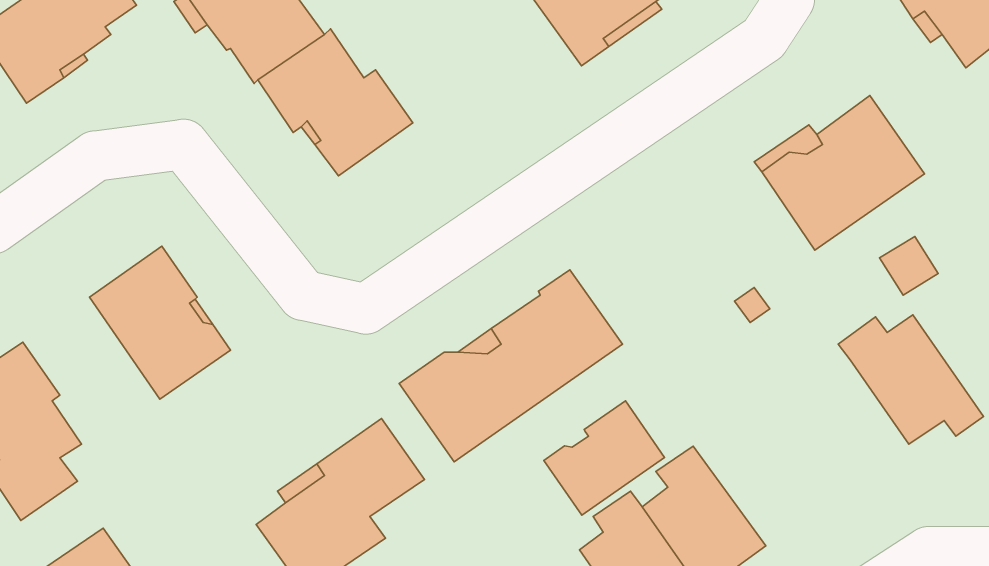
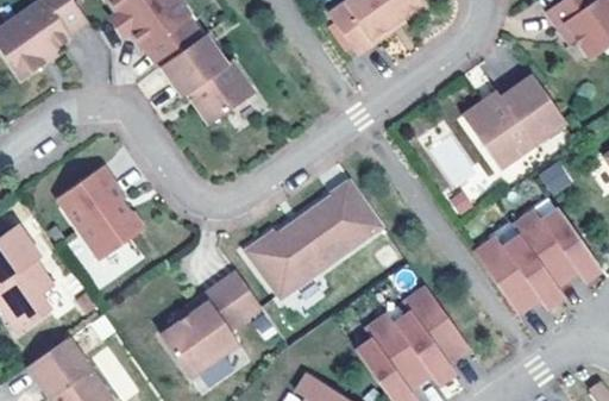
building: none -> [473,234,563,313]
building: [544,401,665,515] -> none

